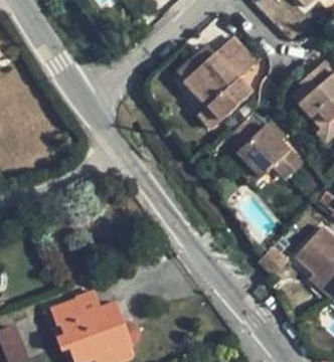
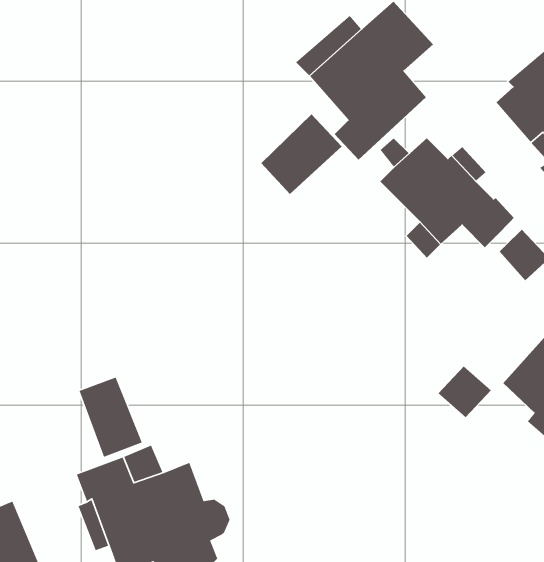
building: none -> [260,114,343,195]
building: none -> [79,377,143,458]

